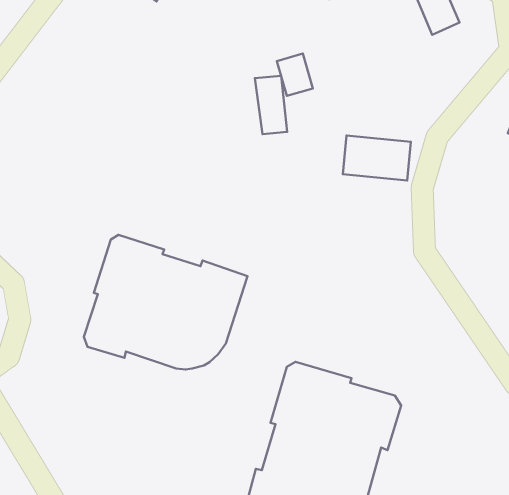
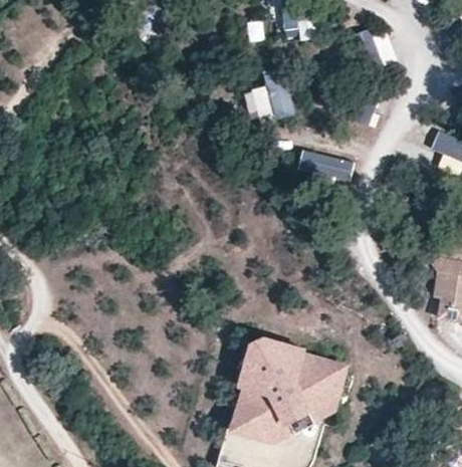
building: [255,76,287,134] -> [265,70,291,118]
building: [84,235,248,369] -> none

